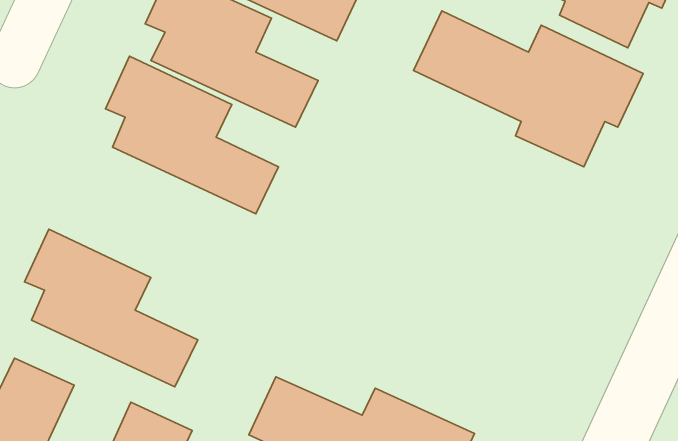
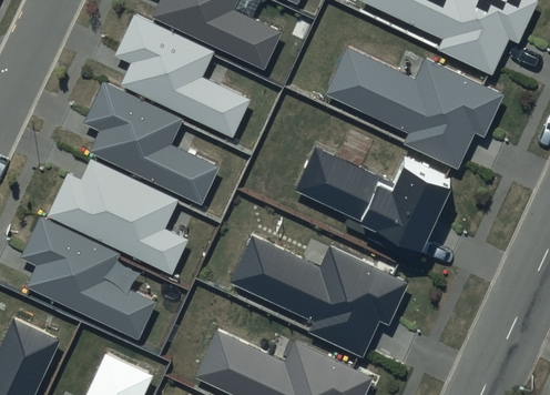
building: none -> [295,148,454,251]
building: none -> [48,160,189,275]
building: none -> [232,237,408,357]

